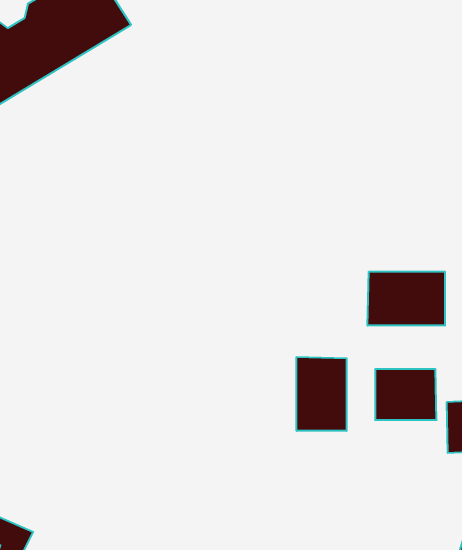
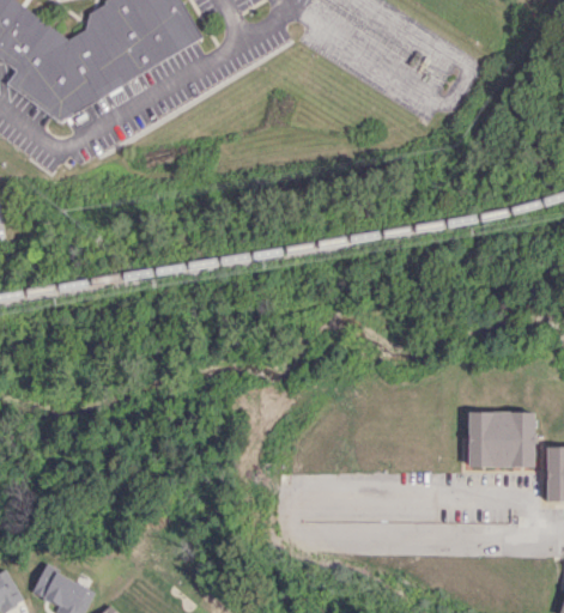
building: [368,272,445,326] -> none
building: [297,357,347,431] -> none

